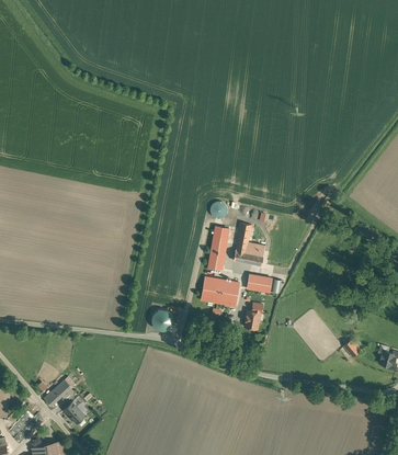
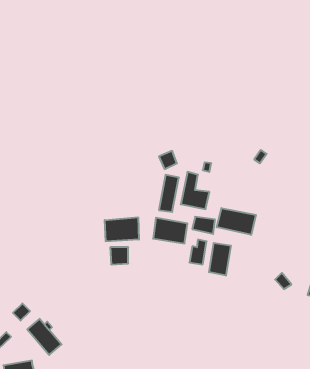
building: none -> [217,208,256,235]
building: none -> [105,217,139,241]
building: none -> [209,243,231,276]

